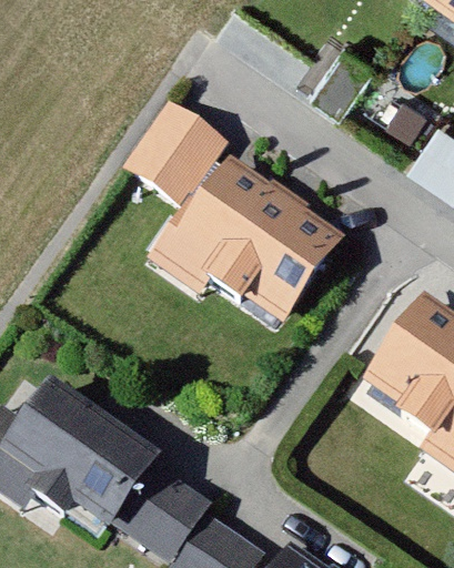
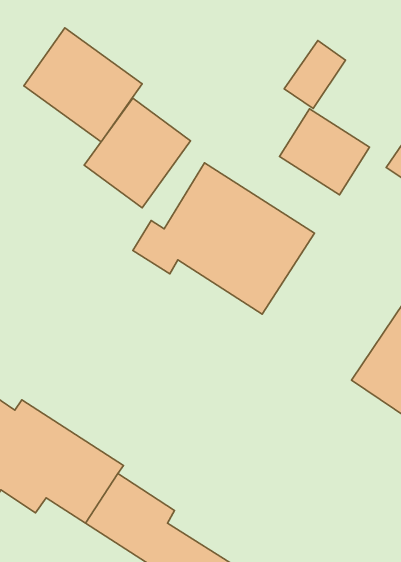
building: none -> [24,28,142,142]
building: none -> [280,109,369,195]

